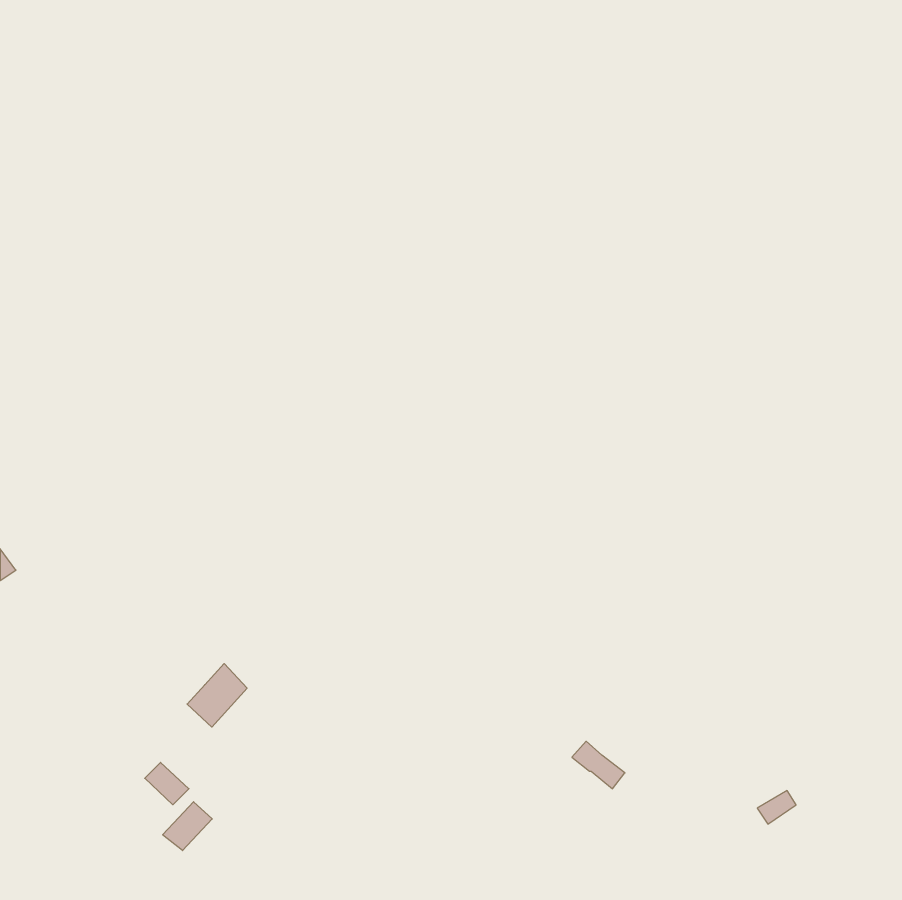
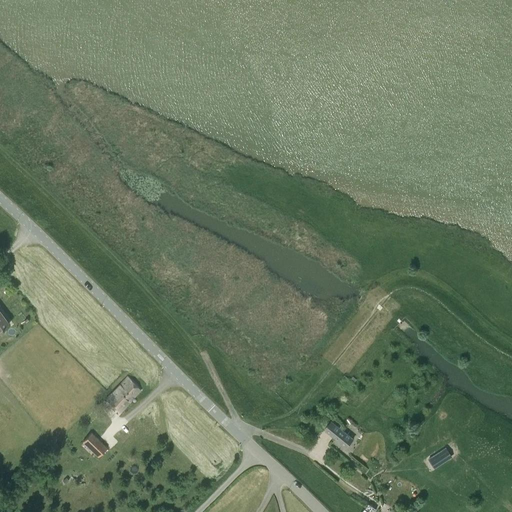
building: [163,802,212,851] -> none

